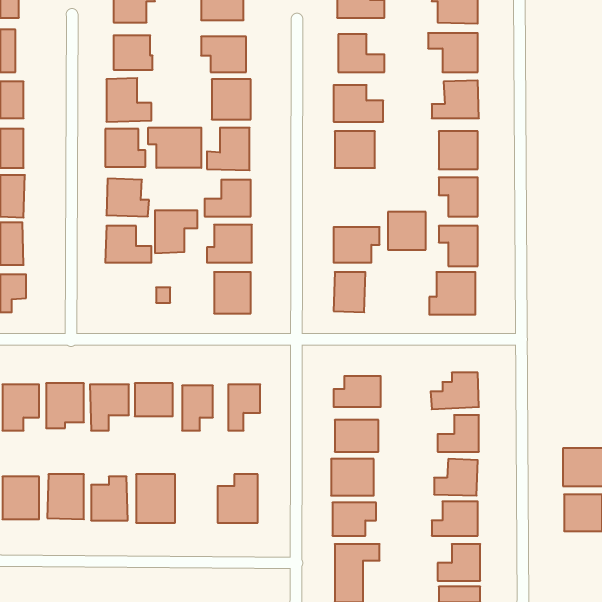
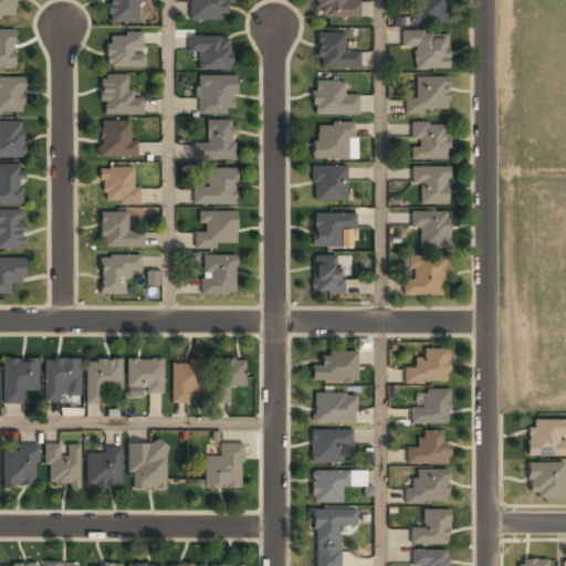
building: [148,128,201,168] -> none
building: [155,210,197,253] -> [101,254,140,294]
building: [388,212,426,250] -> [313,165,348,200]

